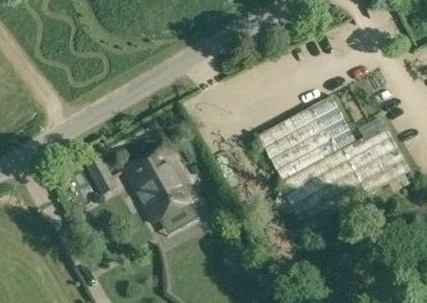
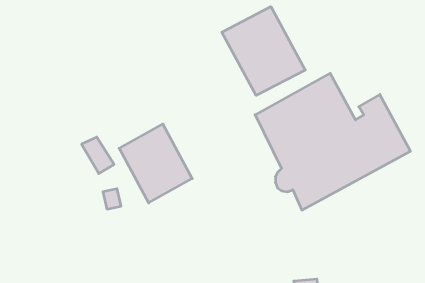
building: none -> [222,7,305,95]

